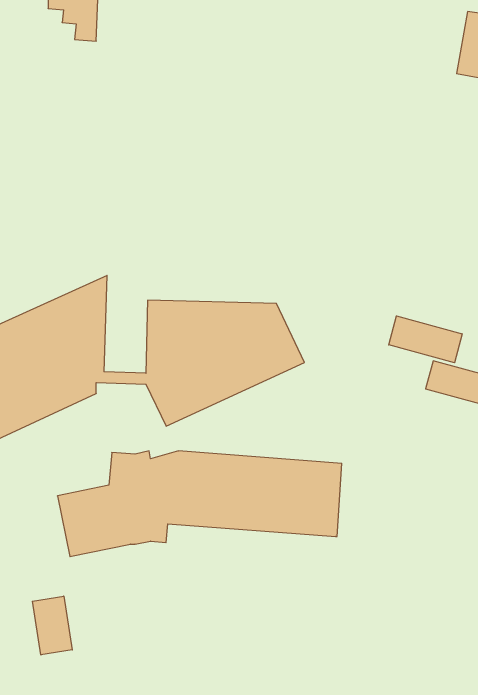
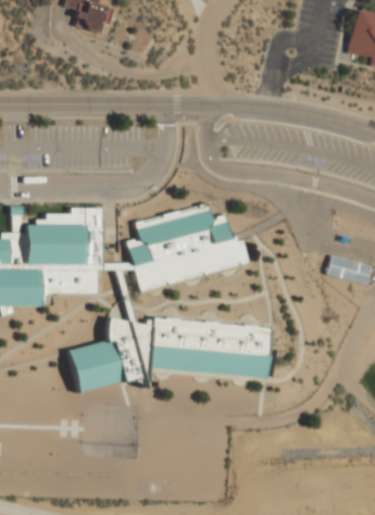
building: [389,316,462,363] -> none
building: [32,596,72,655] -> none

